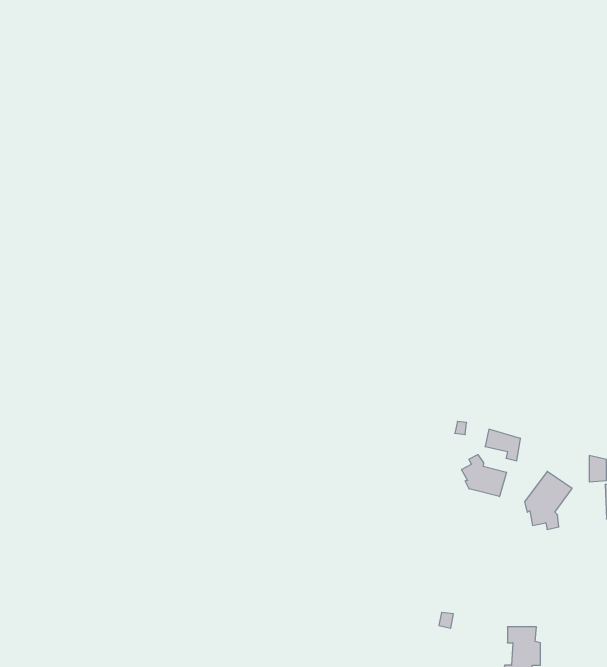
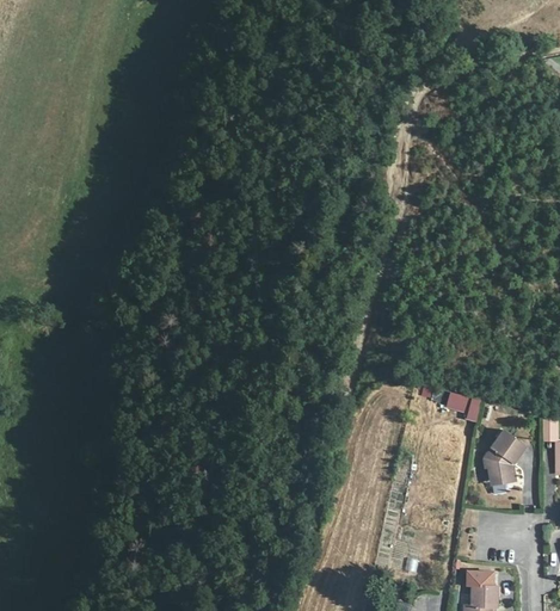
building: [462,455,507,497] -> none

